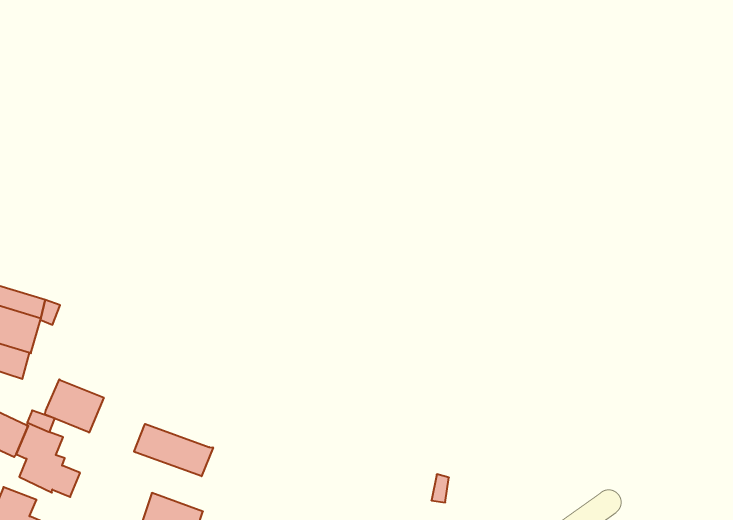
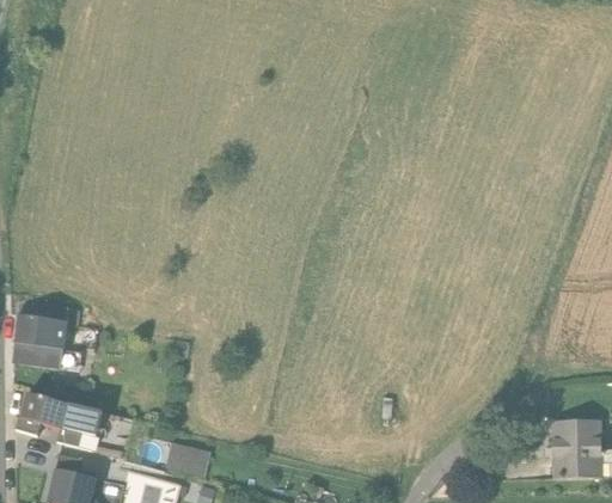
building: [45,379,104,433] -> none
building: [134,424,213,476] -> none

